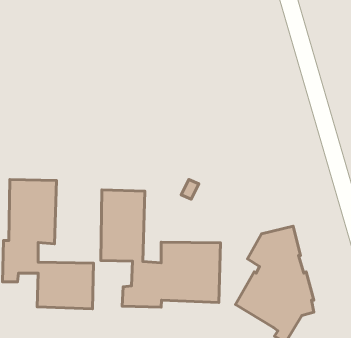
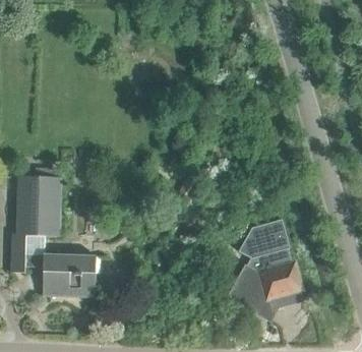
building: [101,190,221,307] -> none

